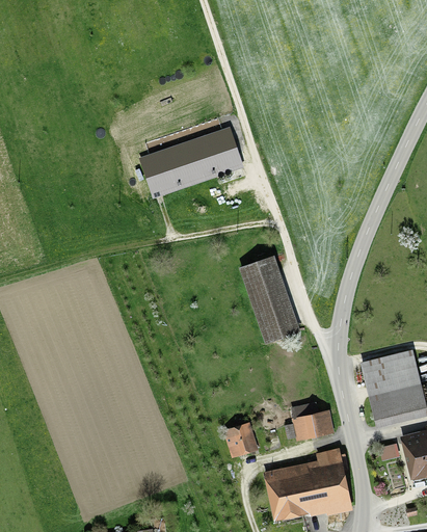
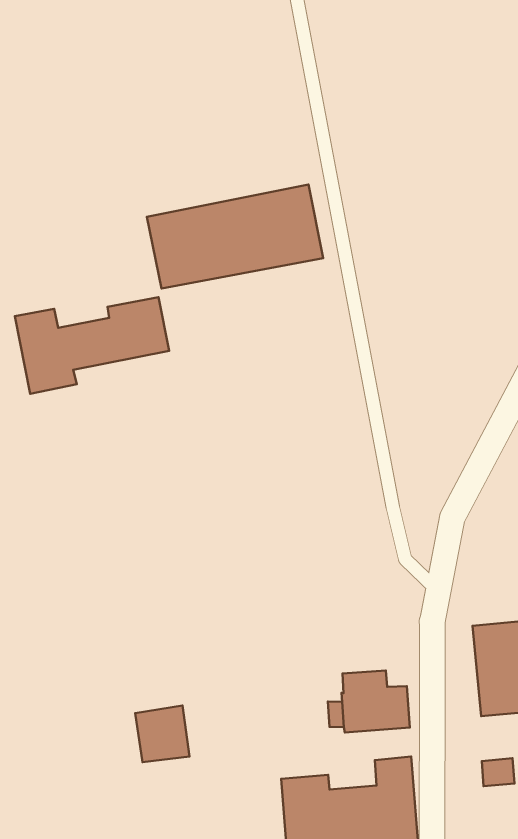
building: none -> [15,297,169,394]
building: [238,254,300,343] -> none
building: [222,421,258,457] -> [135,706,190,762]

